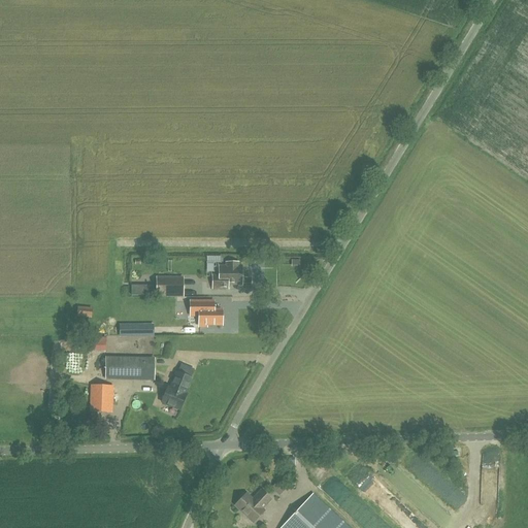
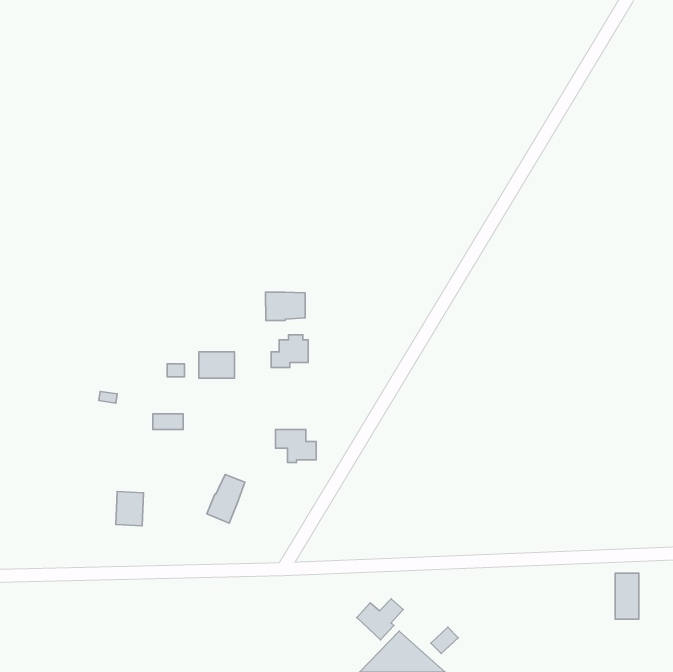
building: none -> [265,292,305,321]
building: [190,300,222,326] -> [275,430,316,463]
building: [105,357,154,378] -> none
building: [235,490,271,522] -> [357,599,403,640]

